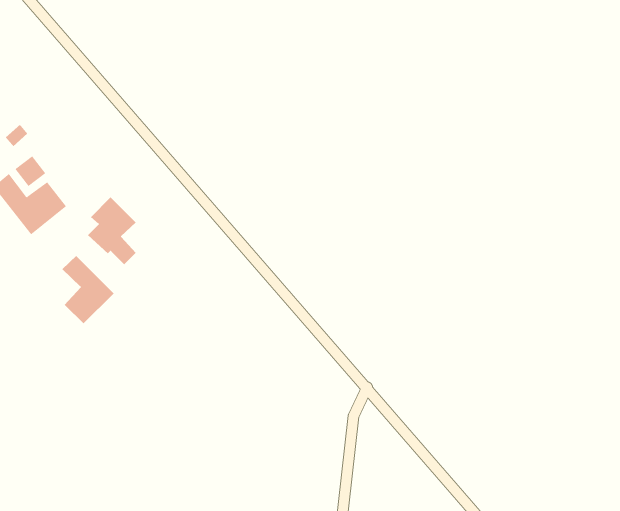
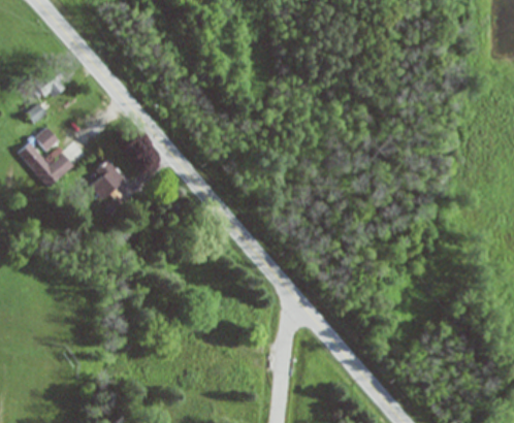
building: [61,255,114,324] -> none

